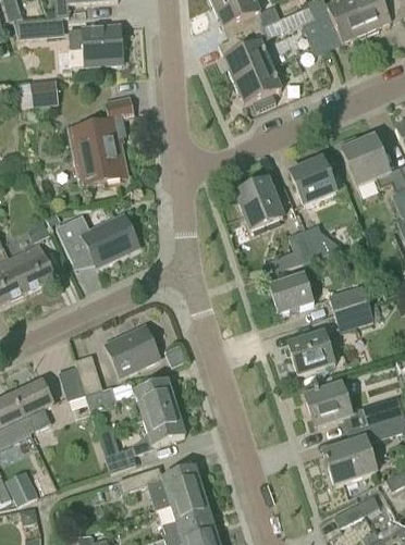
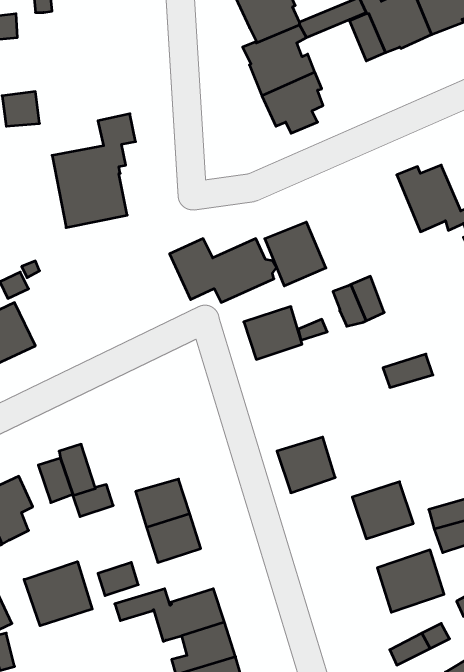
building: [69,25,122,65] -> none
building: [289,157,336,206] -> none
building: [56,214,139,264] -> [170,239,277,302]
building: [268,273,314,314] -> [244,307,302,359]
building: [333,298,381,330] -> none
building: [105,325,160,375] -> none
building: [287,332,333,375] -> [277,437,335,493]
building: none -> [24,562,92,626]

